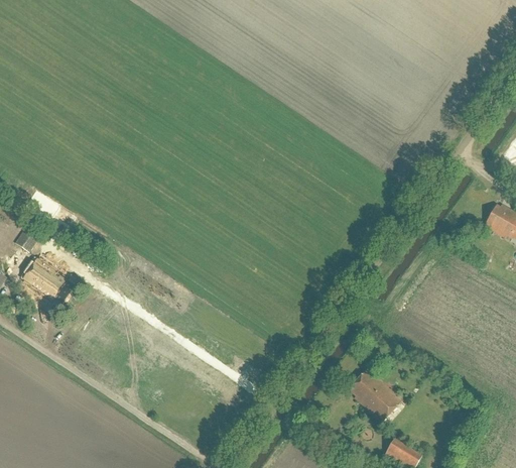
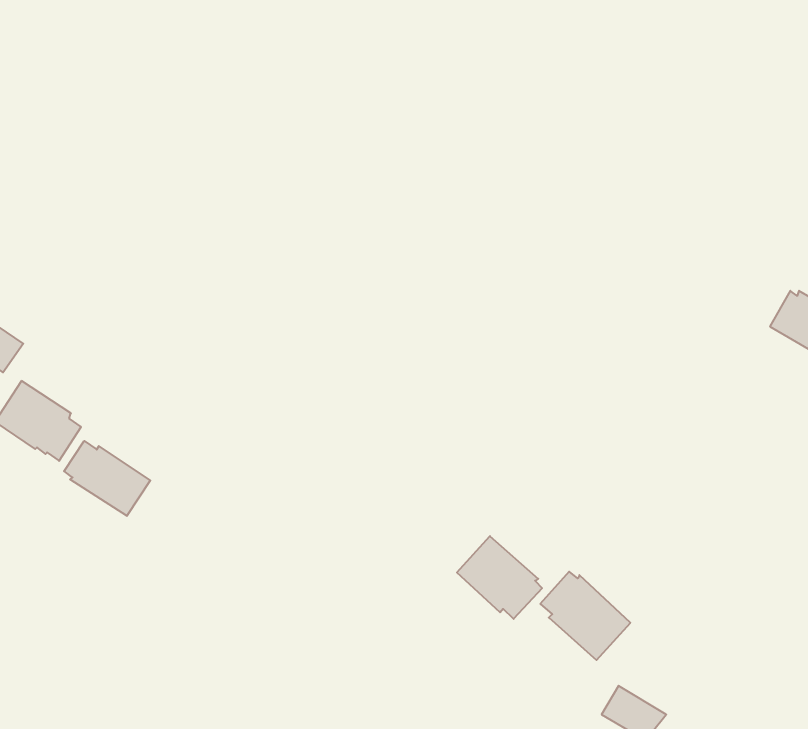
building: none -> [64,441,150,516]
building: none -> [457,536,542,619]

